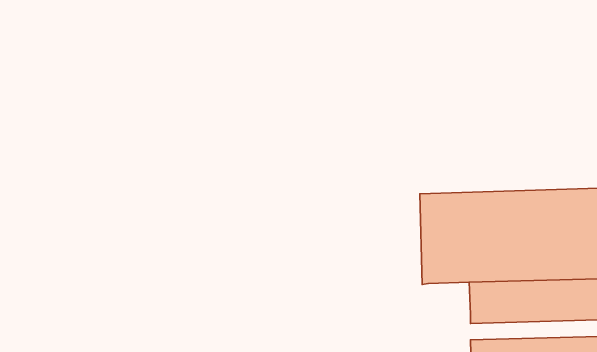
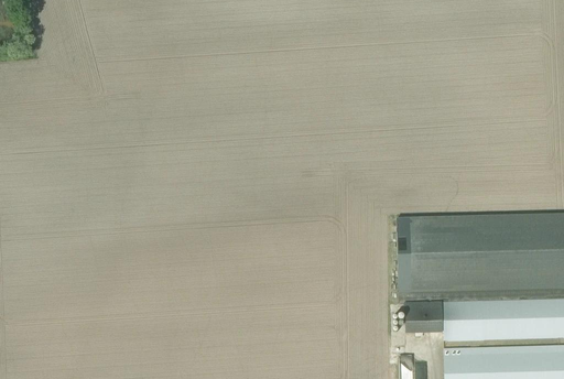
building: none -> [404,301,444,332]

